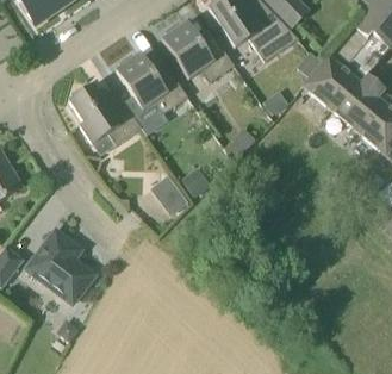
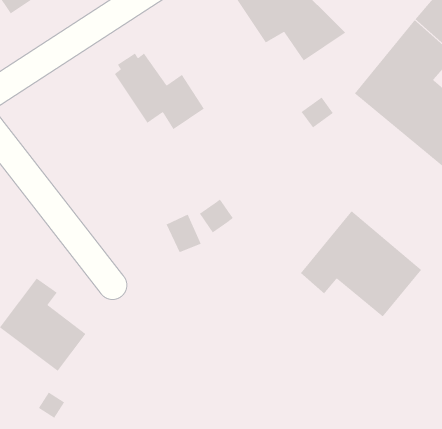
building: [162,23,234,83] -> none
building: [69,85,141,145] -> none
building: none -> [300,210,422,317]

